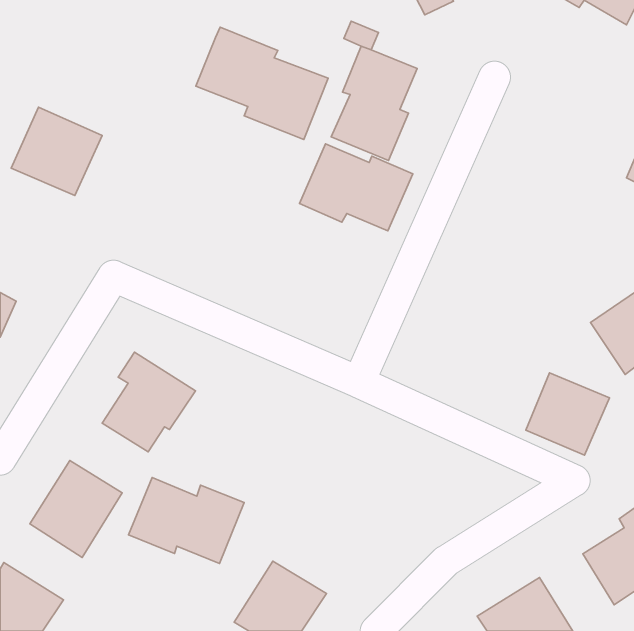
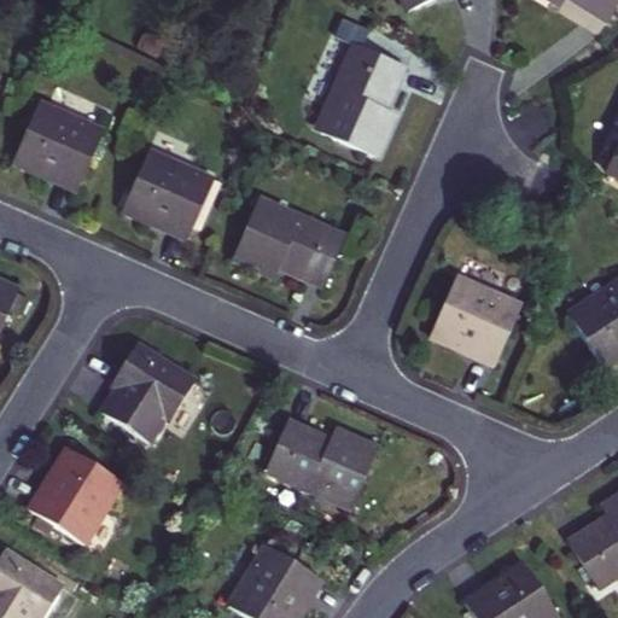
building: [196,27,328,139] -> none
building: [299,144,413,231] -> [233,202,343,286]
building: none -> [124,151,214,237]
building: [526,373,609,455] -> [430,285,511,365]
building: [128,478,244,563] -> [261,415,373,499]

